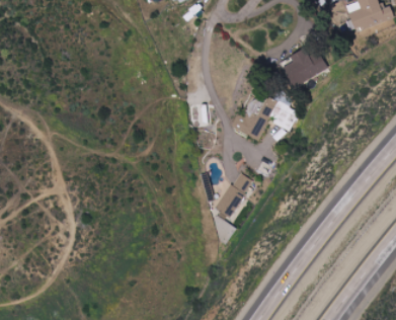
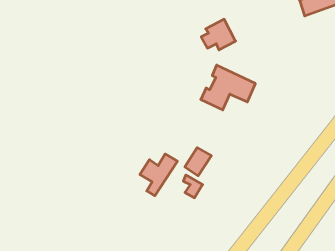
building: [283,46,322,81] -> [201,19,236,50]
building: none -> [140,154,177,196]

